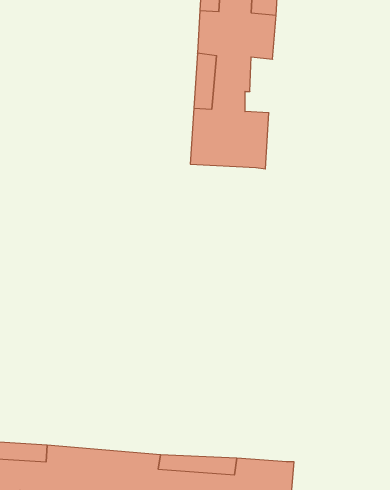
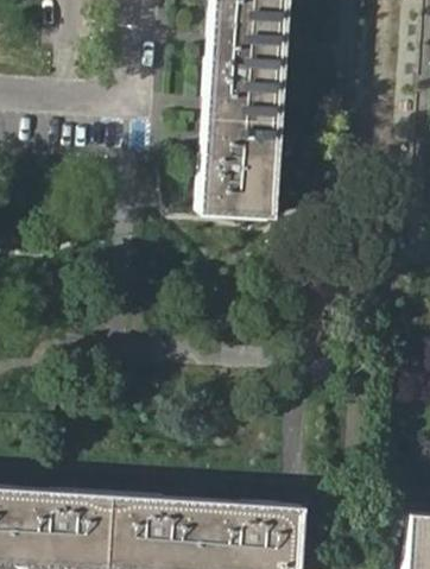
building: none -> [251,108,278,164]

